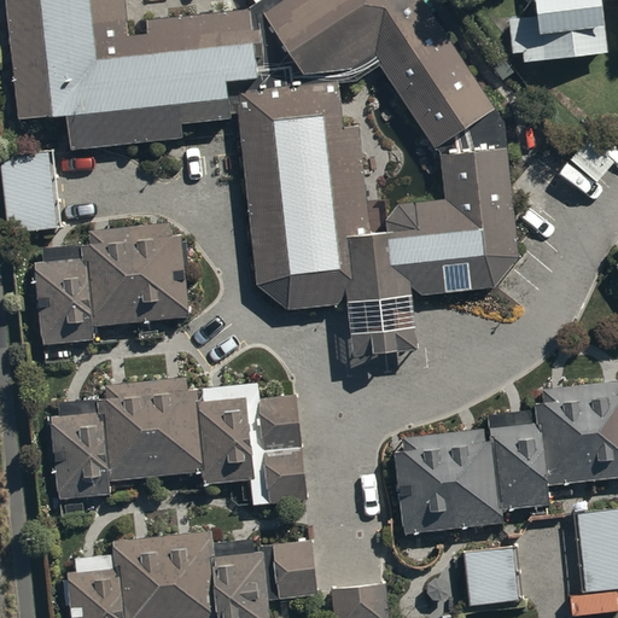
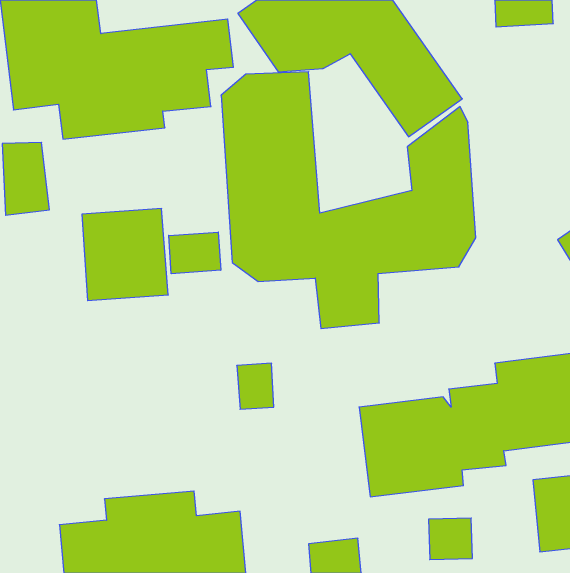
building: [517,25,608,68] -> none
building: none -> [169,232,221,274]
building: [39,258,95,342] -> none
building: [49,378,251,495] -> none
building: [262,450,304,505] -> none
building: [264,532,323,594] -> none

